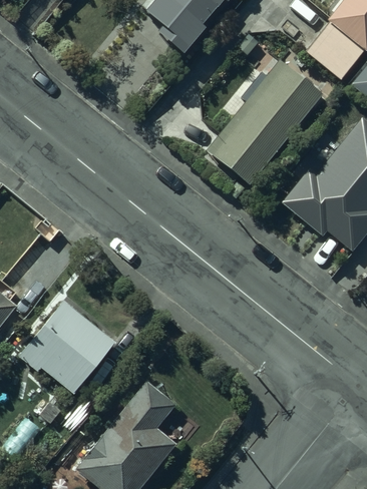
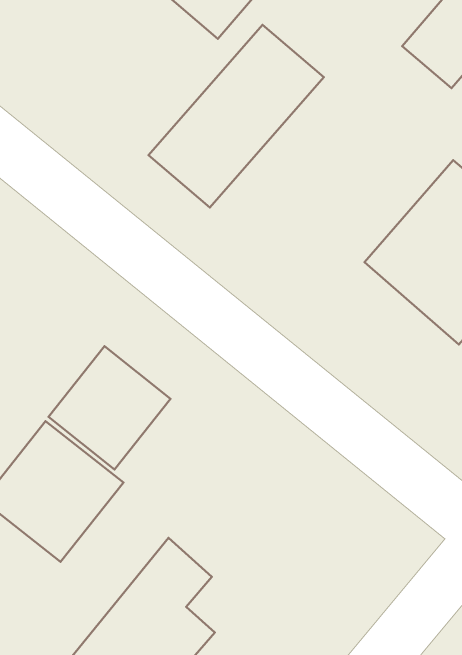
building: [205,63,322,185] -> [148,25,324,208]
building: none -> [48,346,170,469]

